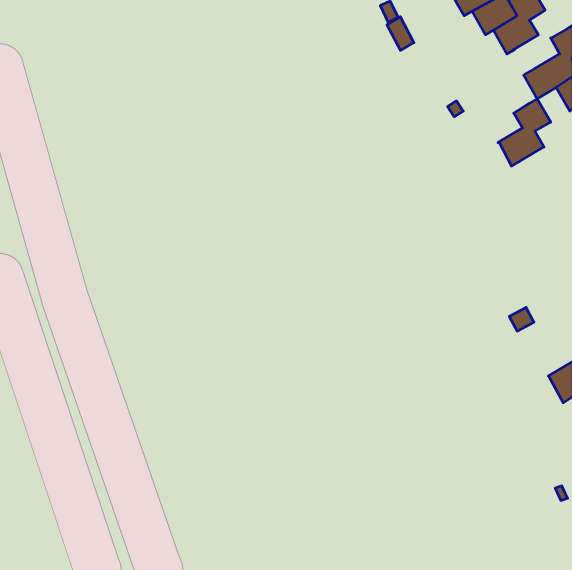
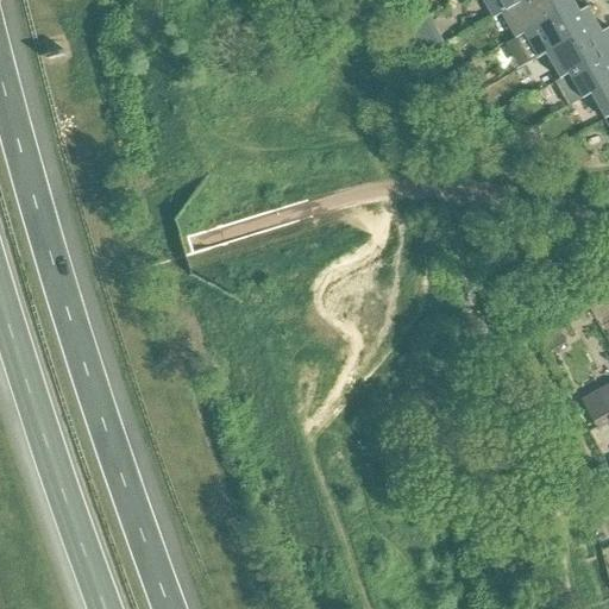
building: [498,99,551,166] -> [546,6,602,77]

